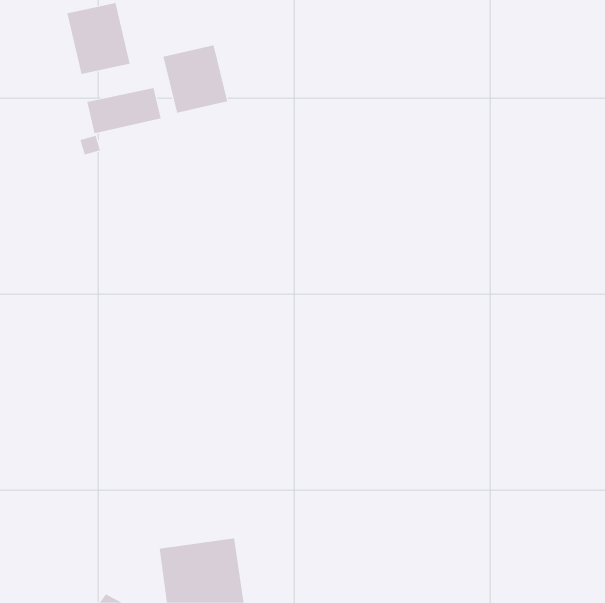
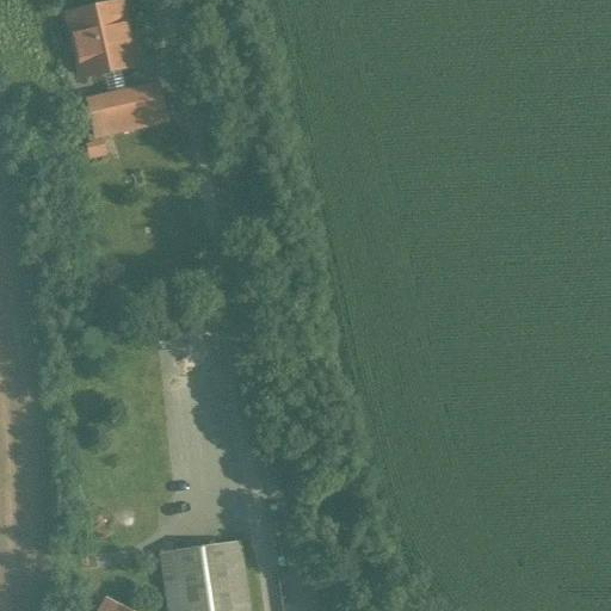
building: [163,44,228,114] -> none

